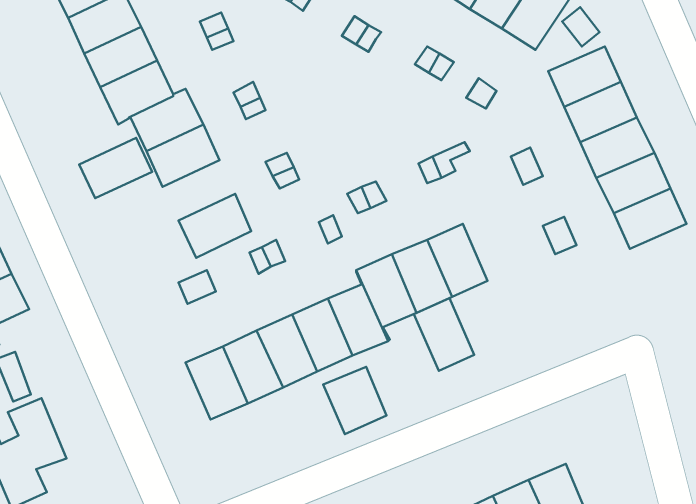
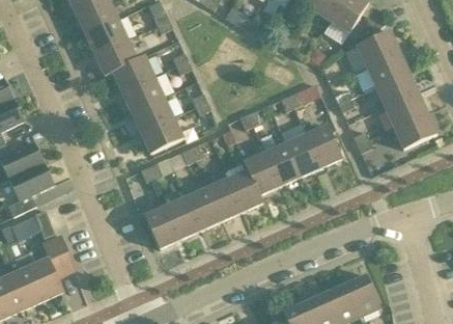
building: [79,138,152,198] -> [131,97,173,132]
building: [414,298,474,371] -> [306,125,341,167]
building: [323,367,386,434] -> none

